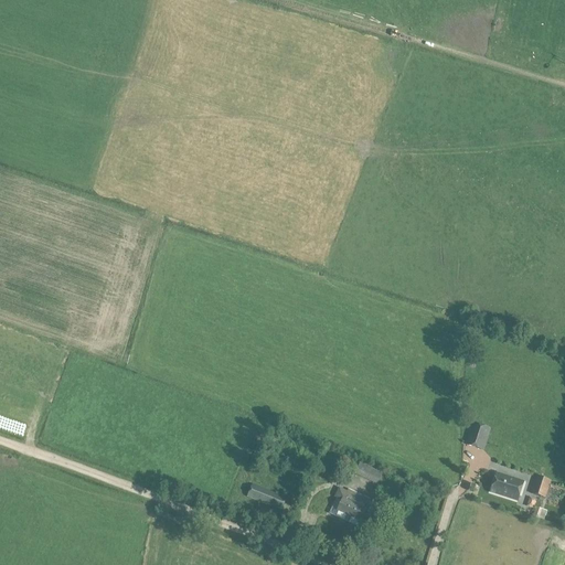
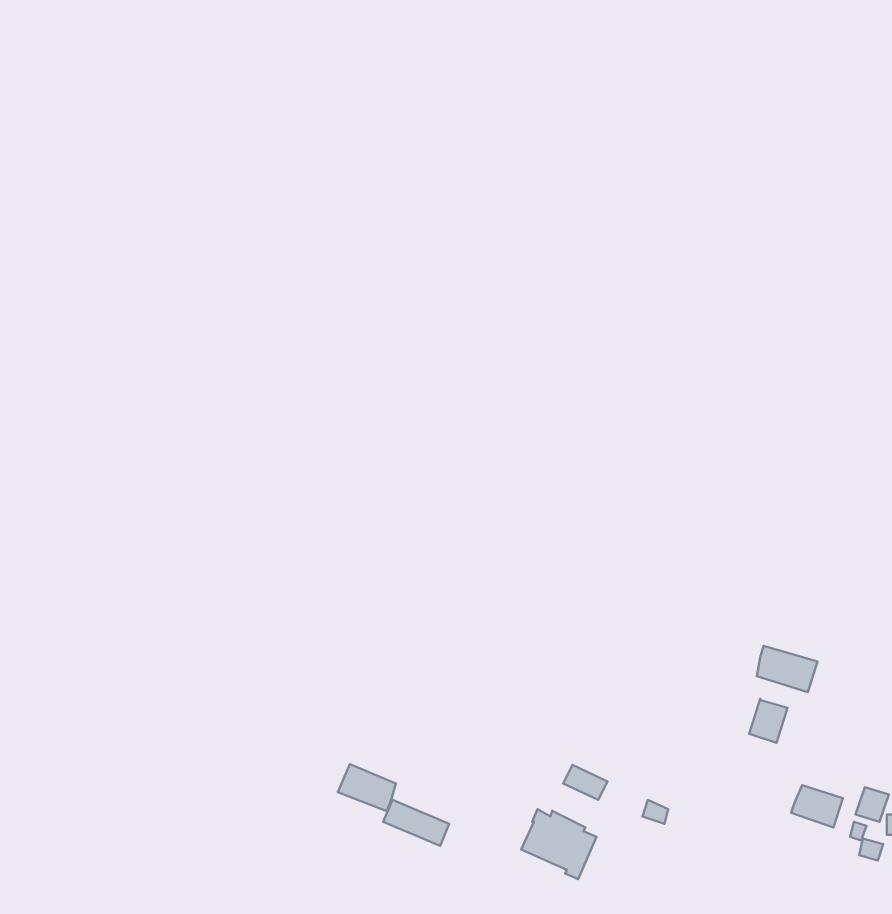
building: none -> [757,646,818,692]
building: none -> [338,764,396,811]

